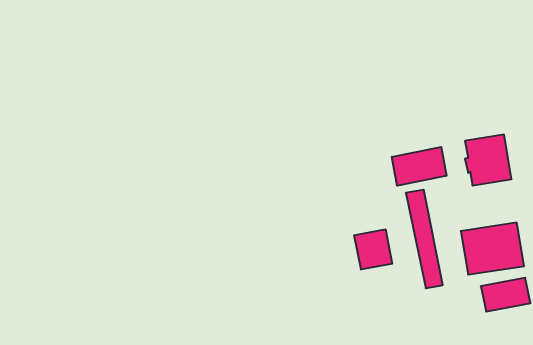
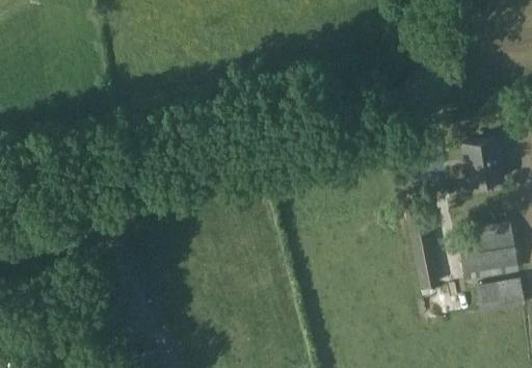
building: [392,147,446,186] -> none
building: [354,229,392,270] -> none

